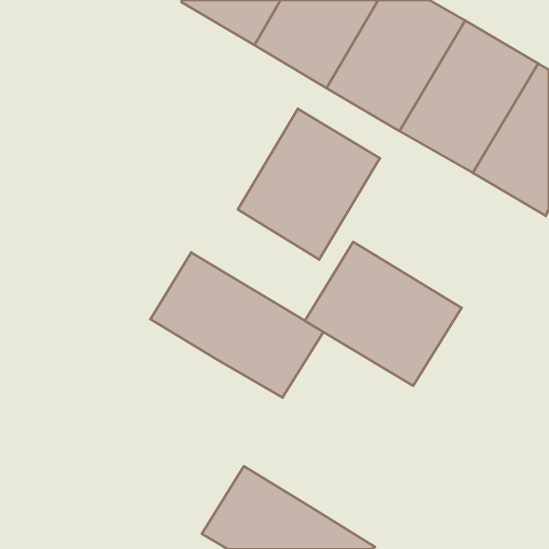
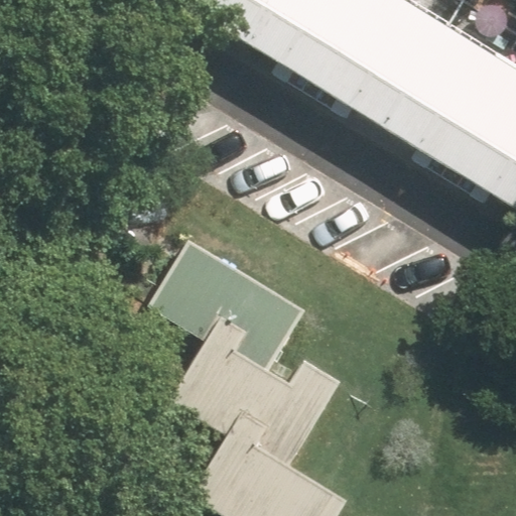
building: [238,109,380,260] -> none
building: [305,242,462,386] -> none
building: none -> [165,337,339,474]

